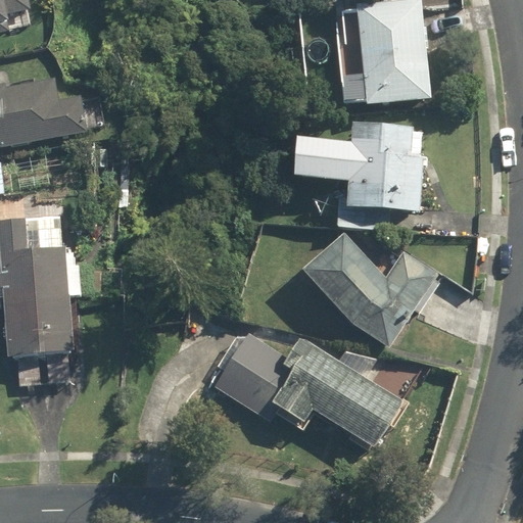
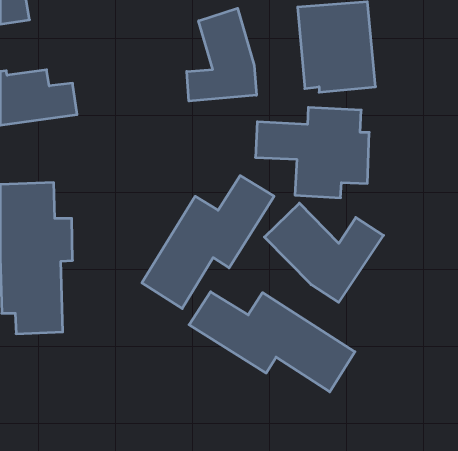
building: none -> [187,8,256,101]
building: none -> [142,176,274,309]

